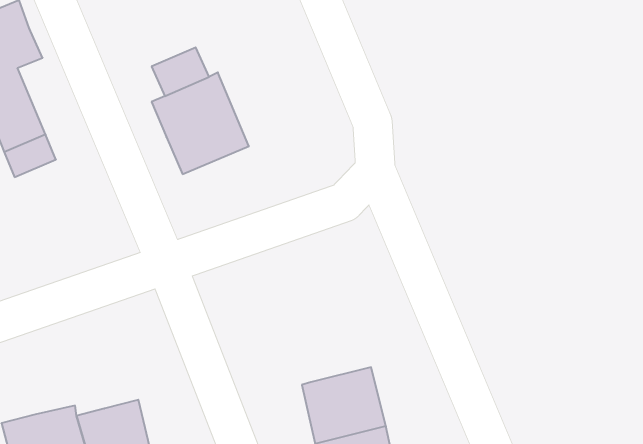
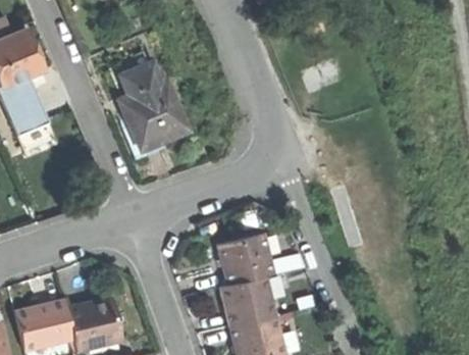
building: none -> [219,241,275,291]

